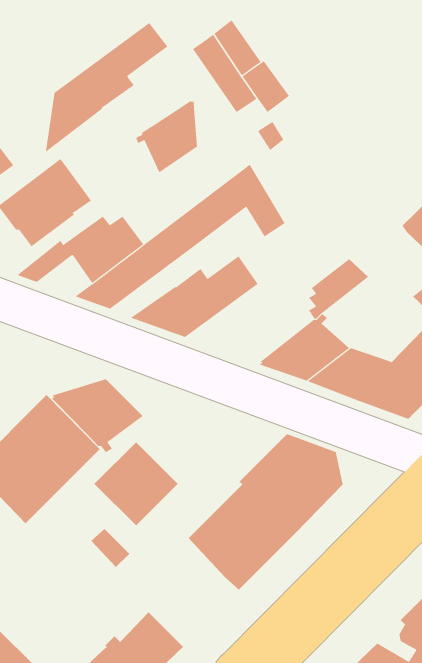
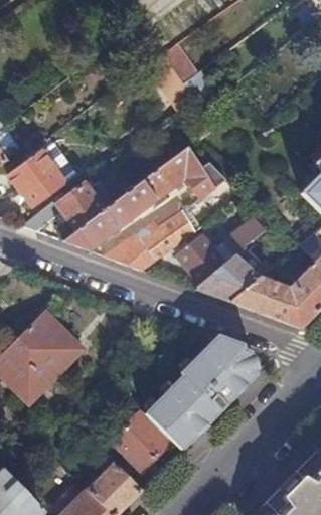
building: [45,22,168,153] -> none
building: [135,100,198,174] -> none
building: none -> [176,234,224,284]
building: [50,378,144,453] -> none
building: [94,442,178,526] -> [111,410,171,471]

